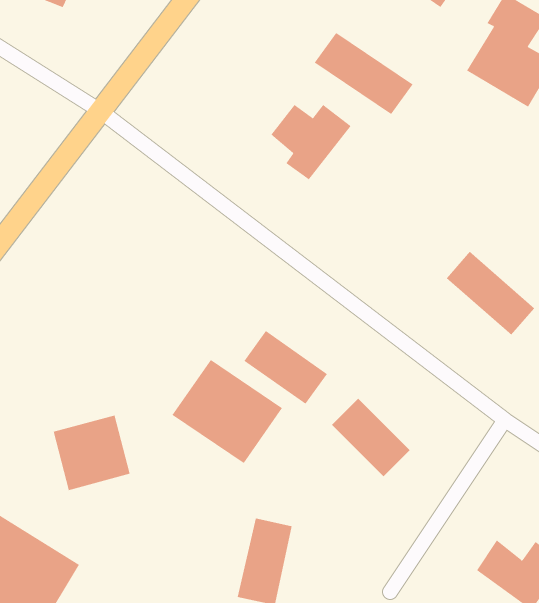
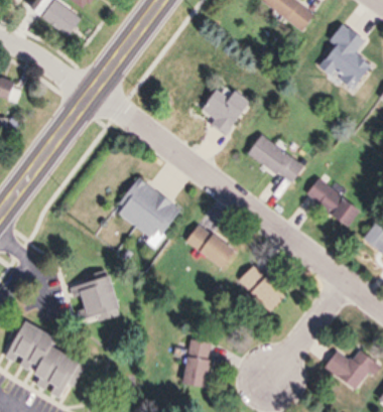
building: [314,32,413,115] -> [246,135,305,184]
building: [172,359,283,464] -> [114,178,180,241]

